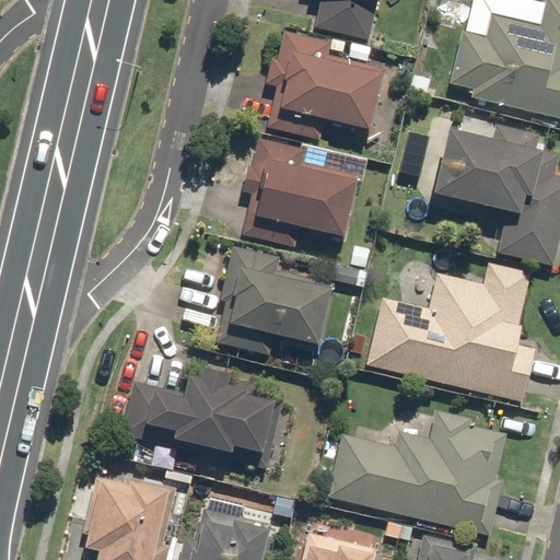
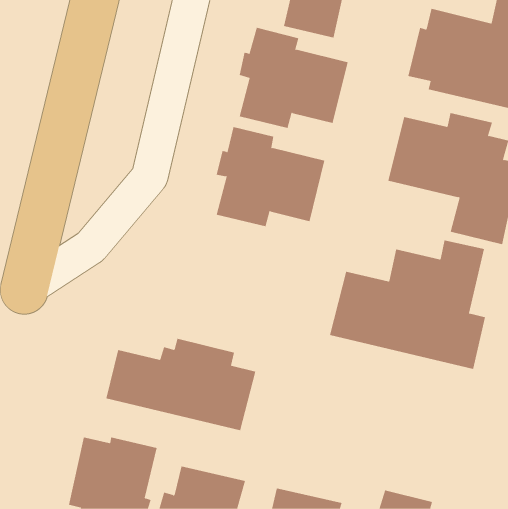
building: [217,245,336,354] -> none
building: [326,409,509,536] -> none

